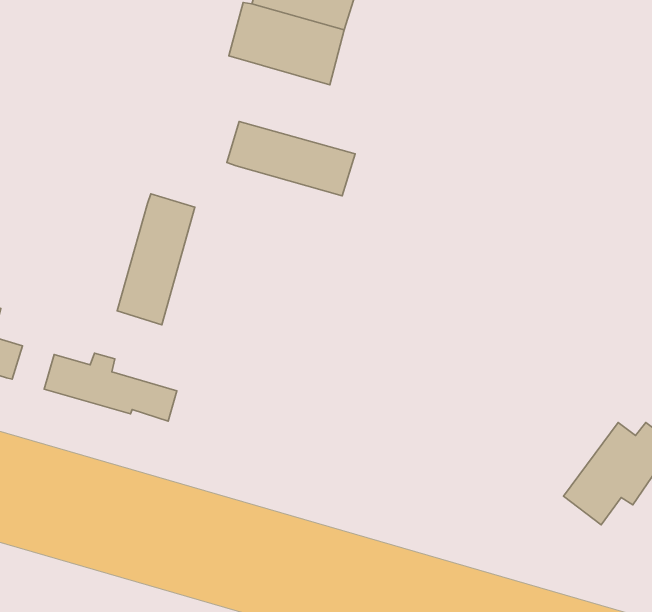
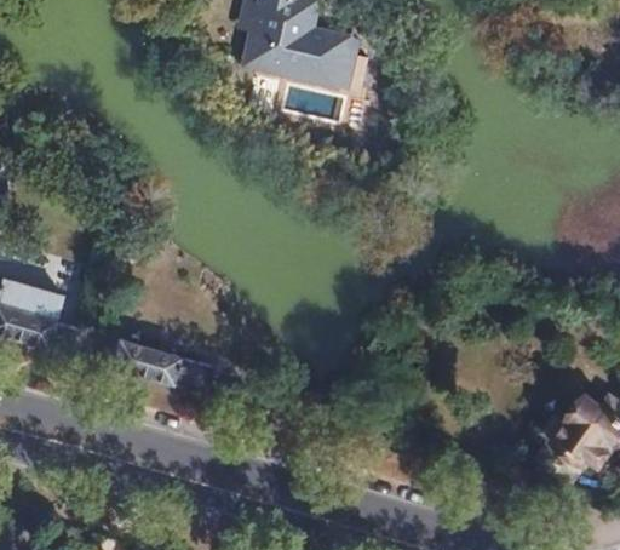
building: [227,121,355,196] -> none
building: [117,194,195,325] -> none

